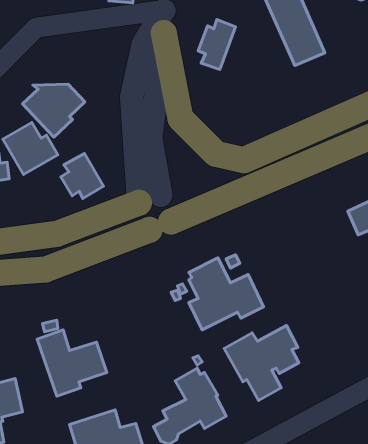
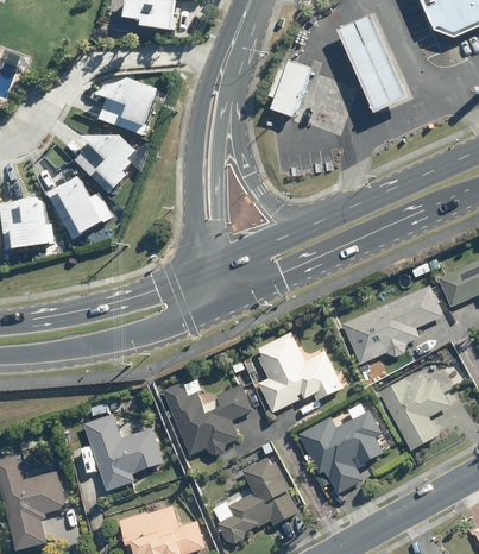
building: none -> [94,77,156,133]
building: [61,153,103,199] -> none
building: none -> [342,285,443,365]
building: none -> [380,374,450,449]
building: none -> [162,382,253,454]

